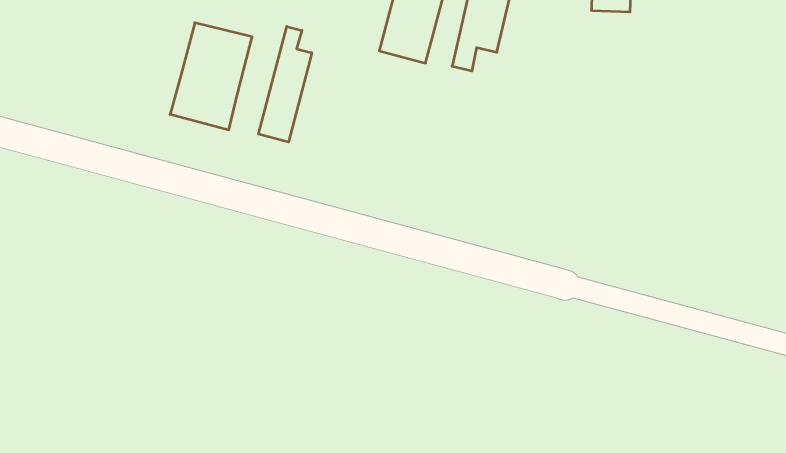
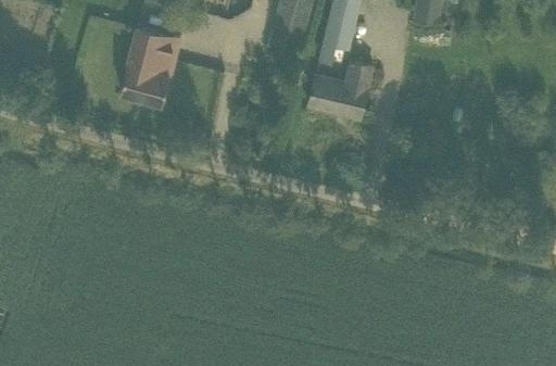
building: [258,26,312,142] -> none
building: none -> [306,62,371,121]

